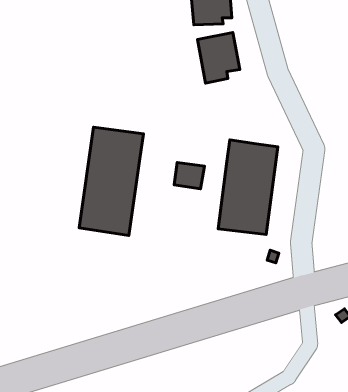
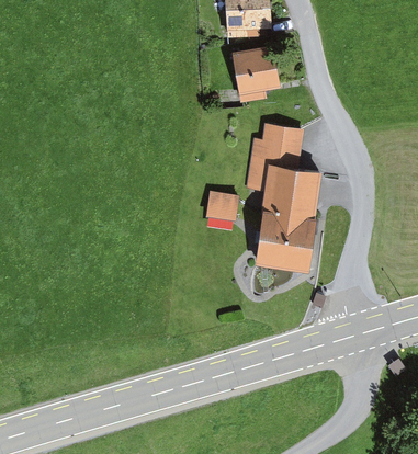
building: none -> [246,124,303,190]
building: [79,127,143,235] -> none

